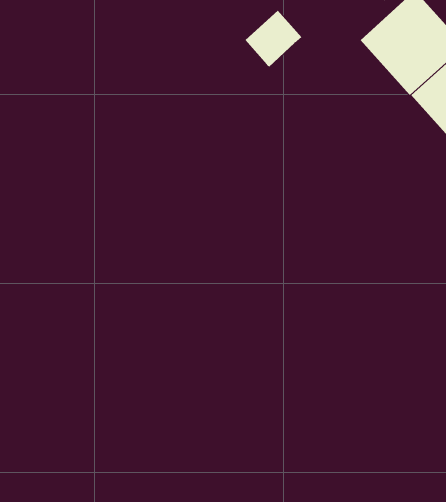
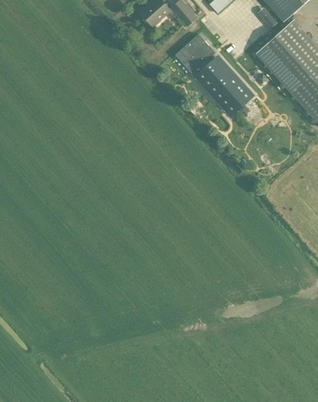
building: none -> [194,59,252,116]

